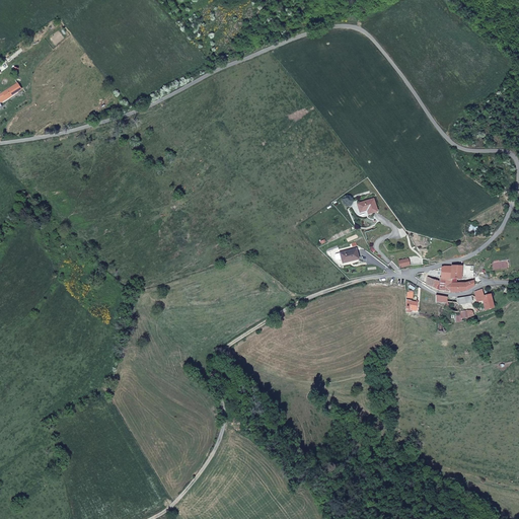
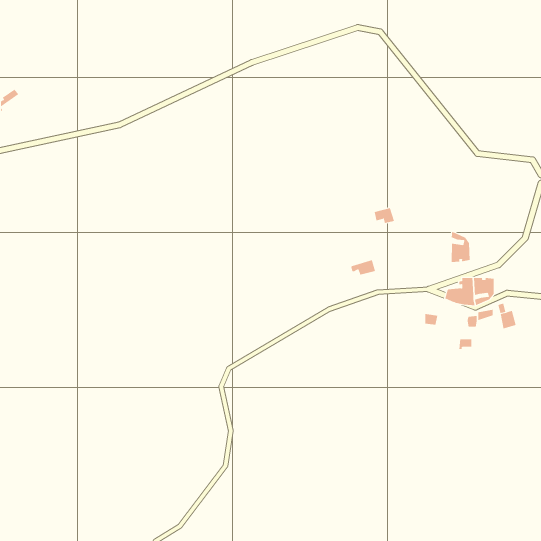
building: none -> [451,231,470,263]

